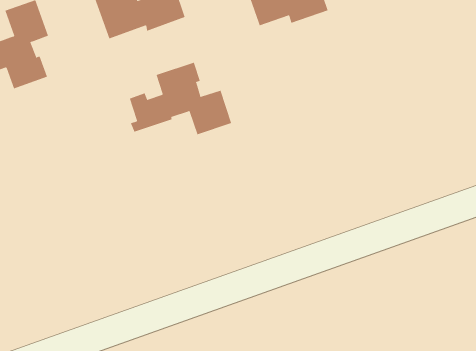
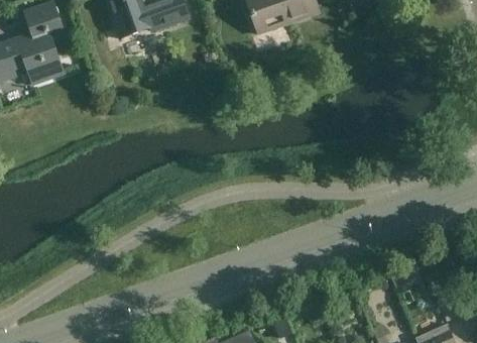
building: [129,62,232,135] -> none

